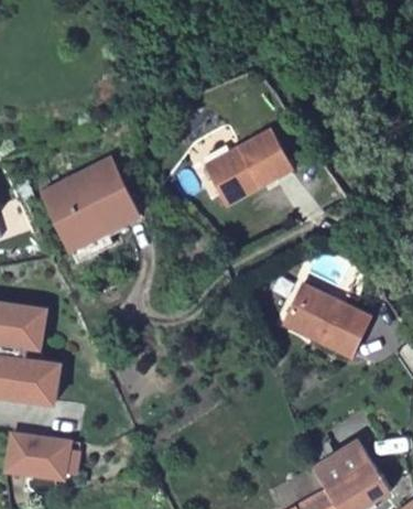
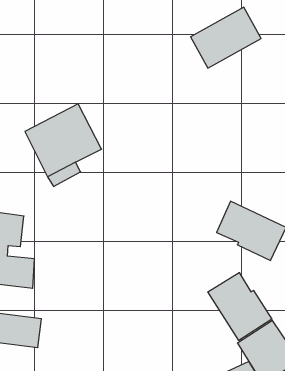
building: [206,131,295,208] -> [191,7,261,68]
building: none -> [208,273,272,340]

